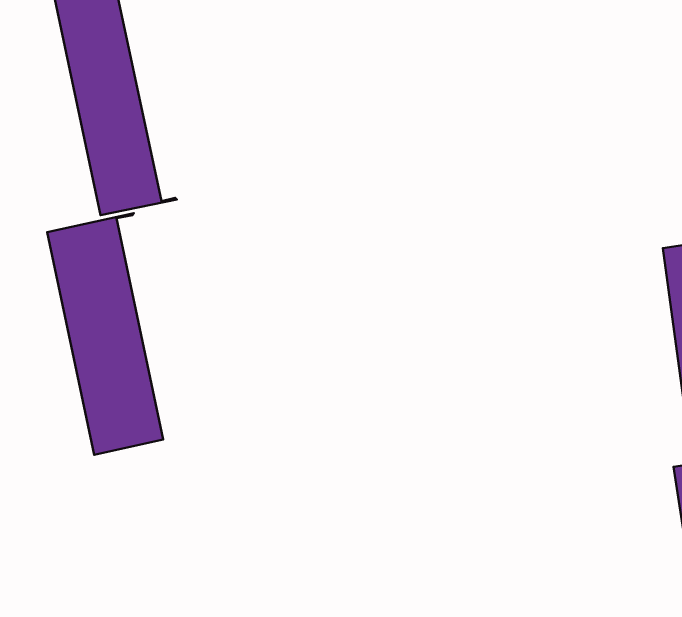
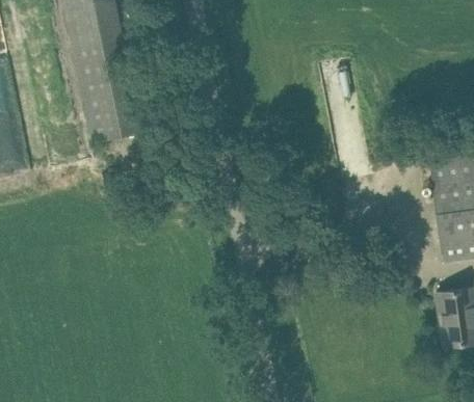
building: [47,213,163,455] -> none

